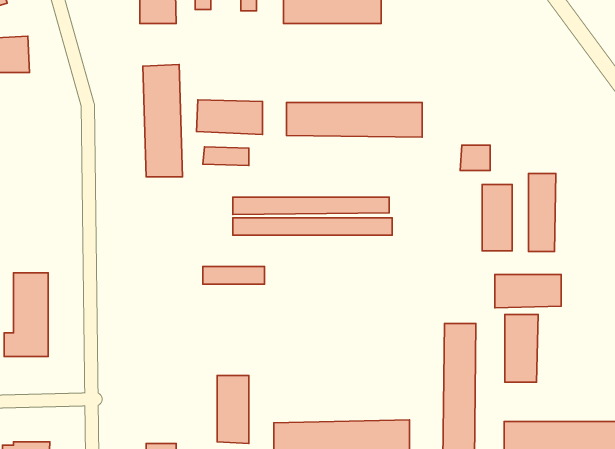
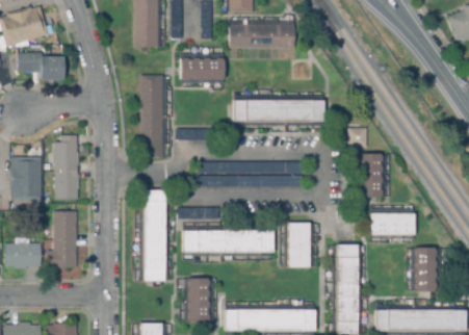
building: [196,100,263,135] -> [180,57,224,80]
building: none -> [49,135,79,200]
building: [529,173,556,252] -> none
building: none -> [142,190,164,282]
building: none -> [288,223,309,267]
building: none -> [183,231,272,252]
building: [505,314,538,382] -> [414,248,436,292]

